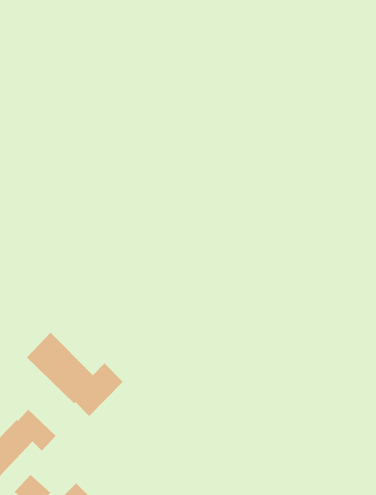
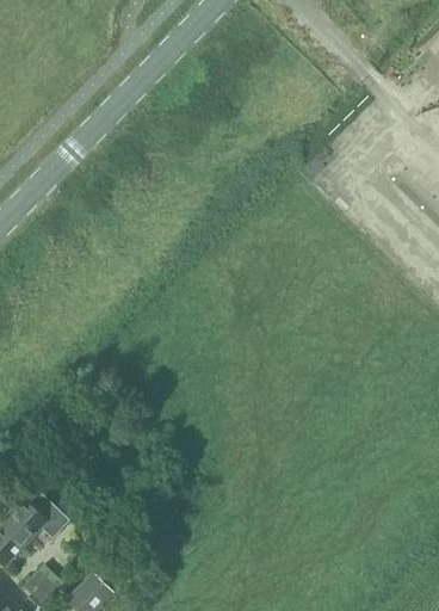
building: [26,332,124,417] -> none

